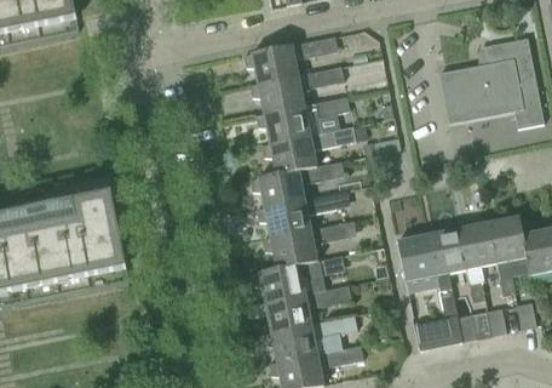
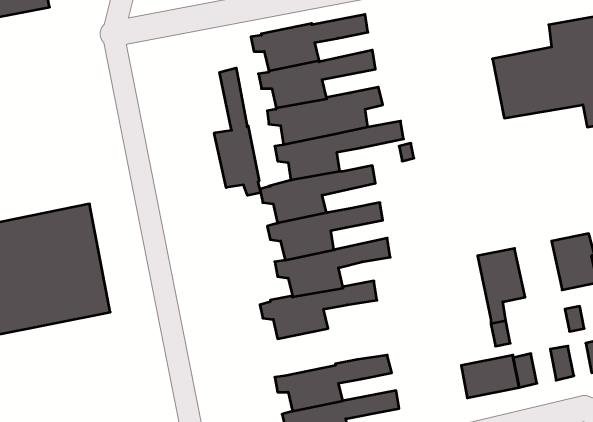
building: none -> [214,68,261,195]
building: [458,222,496,268] -> none
building: [397,234,438,292] -> none
building: [255,285,351,332] -> none

